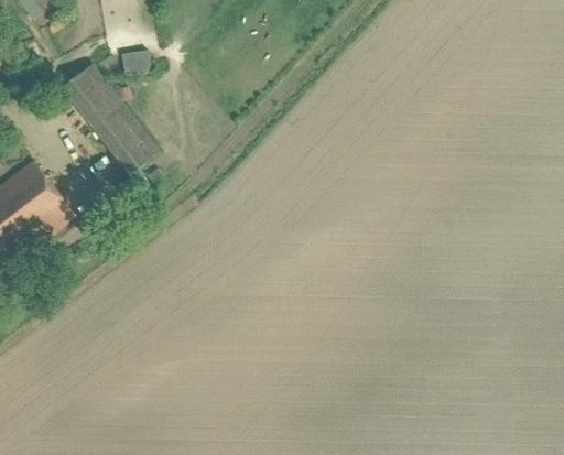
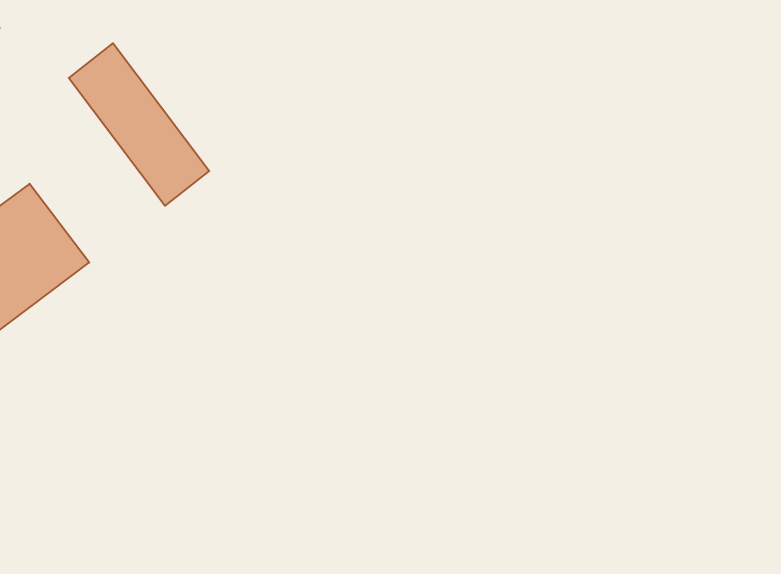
building: [124,48,152,73] -> none

